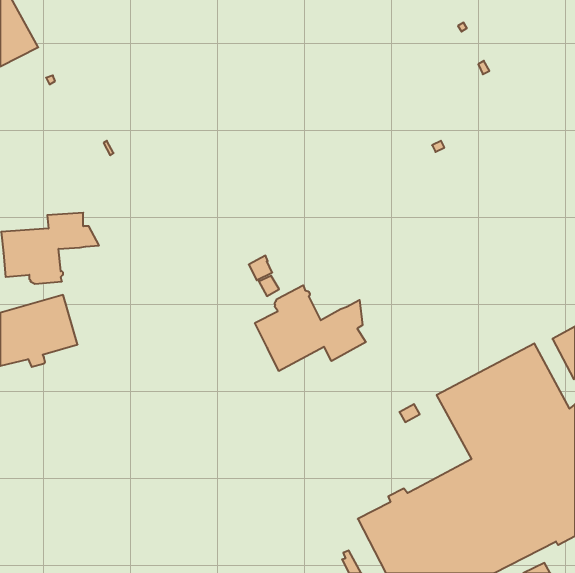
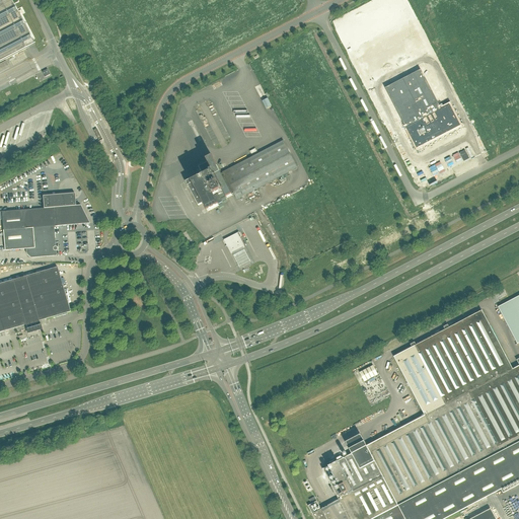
building: none -> [385,68,460,145]
building: none -> [187,139,297,211]
building: [255,285,366,371] -> none

